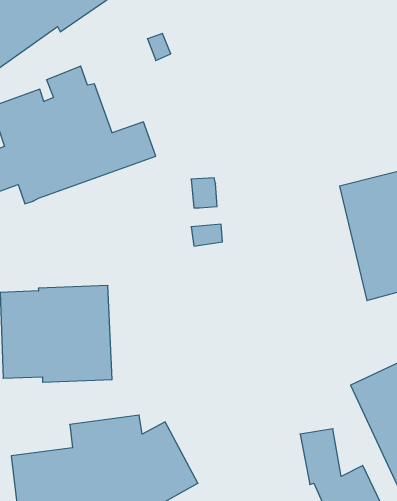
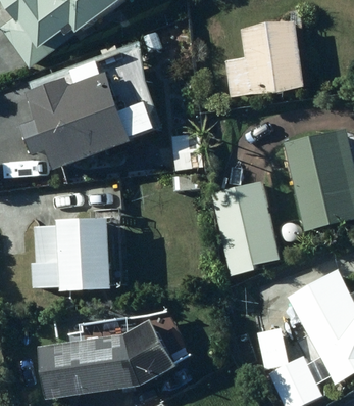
building: none -> [224,20,305,94]
building: none -> [210,181,280,273]

